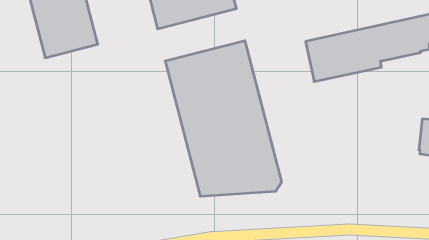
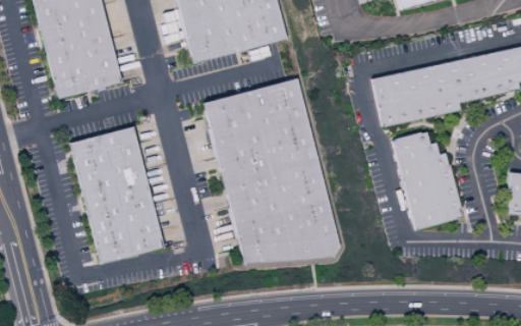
building: none -> [69,126,165,265]
building: none -> [390,131,462,231]

